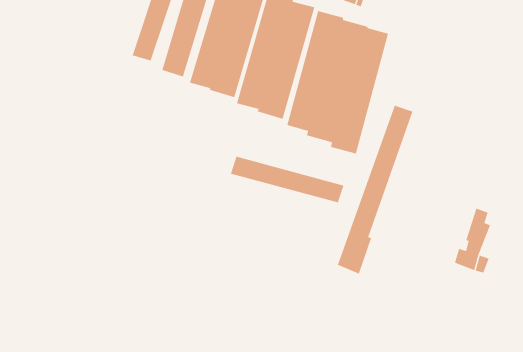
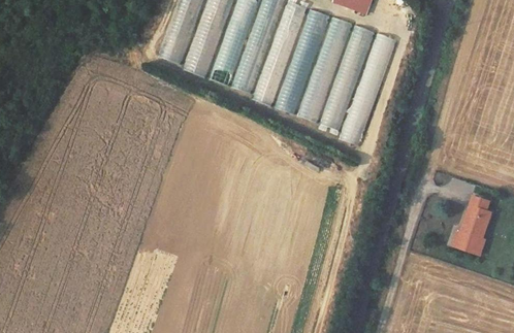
building: [337,105,413,274] -> none
building: [230,156,344,203] -> none

